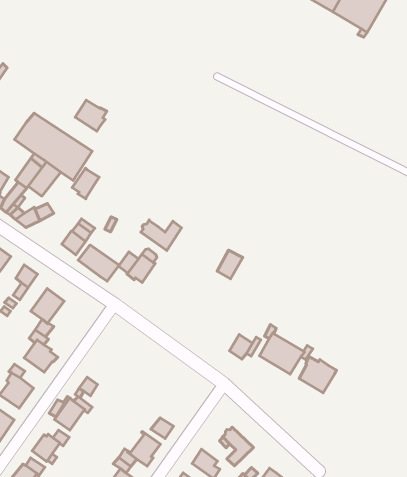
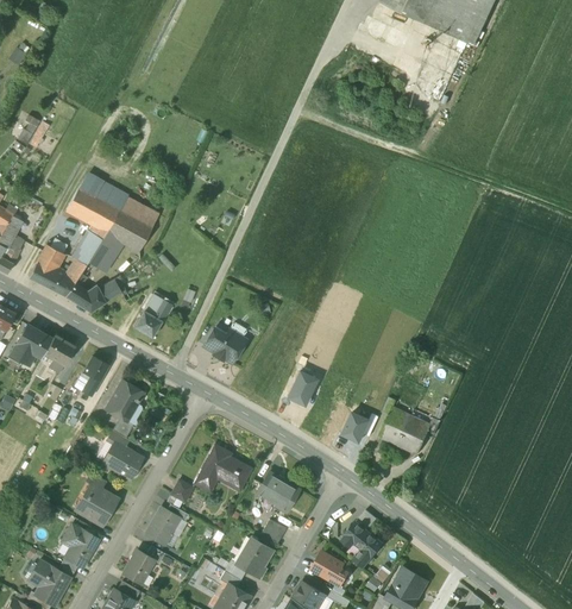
building: [75,100,107,131] -> none
building: [72,168,99,199] -> none
building: [141,220,181,250] -> none
building: [78,245,119,281] -> none
building: [217,250,243,279] -> [289,372,318,406]
building: none -> [194,445,251,491]
building: [299,357,337,393] -> none
building: none -> [260,472,300,513]

